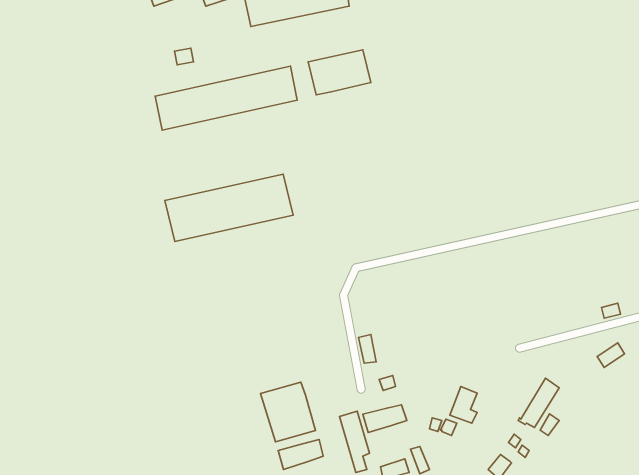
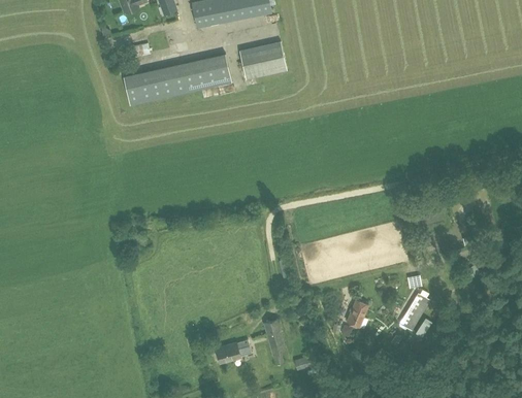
building: [165,174,293,241] -> none
building: [261,382,316,442] -> none
building: [363,405,407,433] -> none

